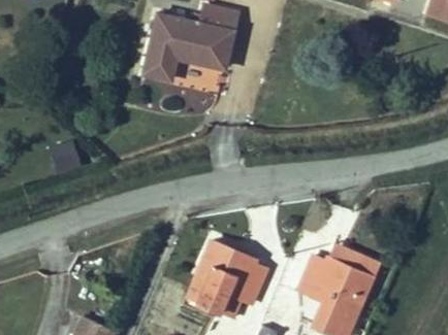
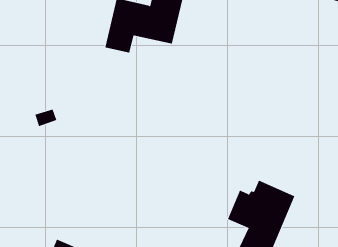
building: [185,238,270,320] -> none

